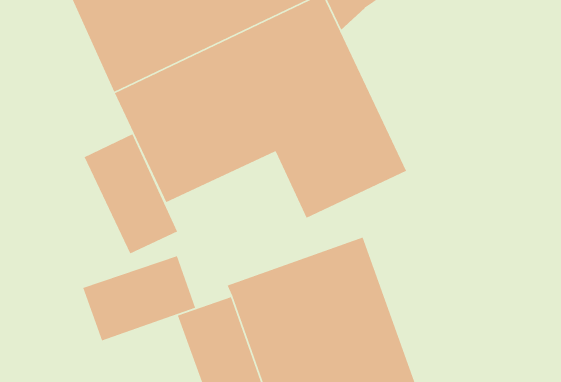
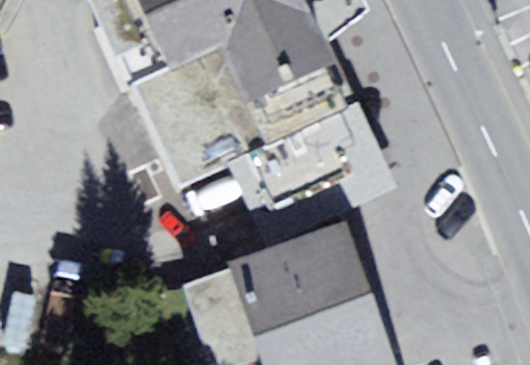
building: [84,133,178,255] -> none
building: [82,255,196,342] -> none

